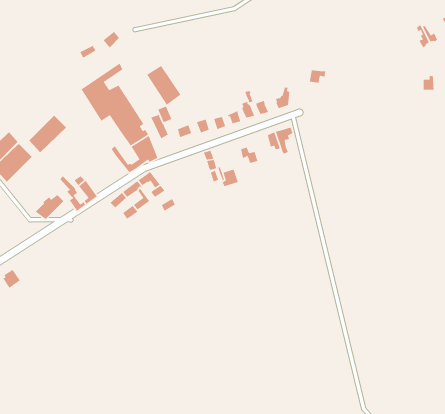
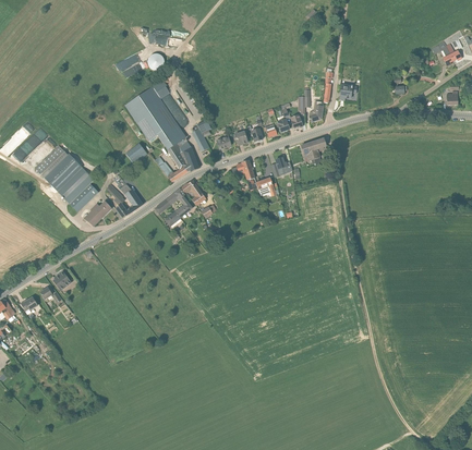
building: [146,65,182,106] -> none
building: [28,115,67,153] -> [57,167,93,203]

